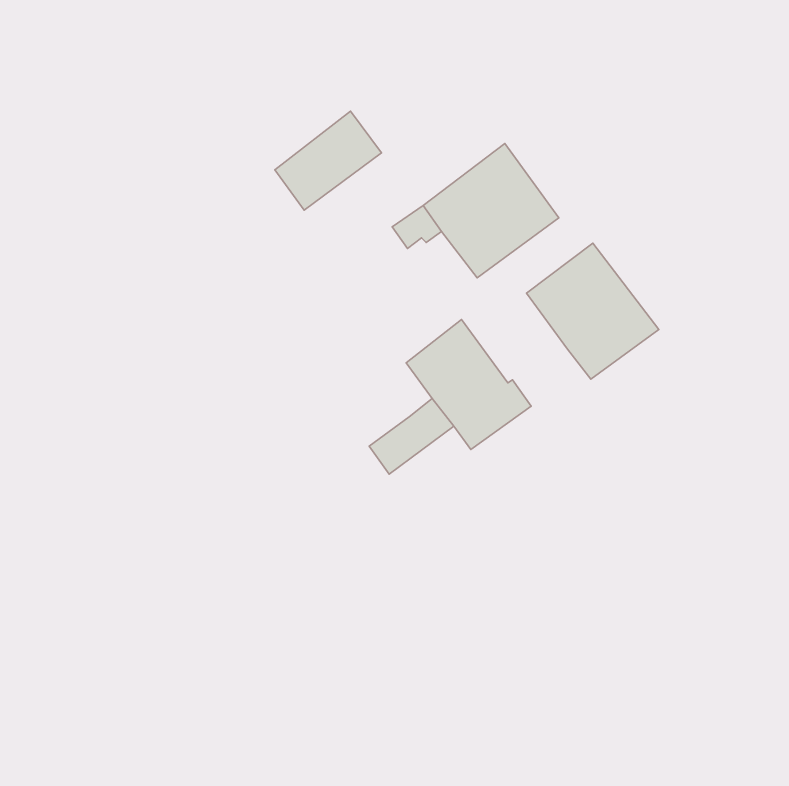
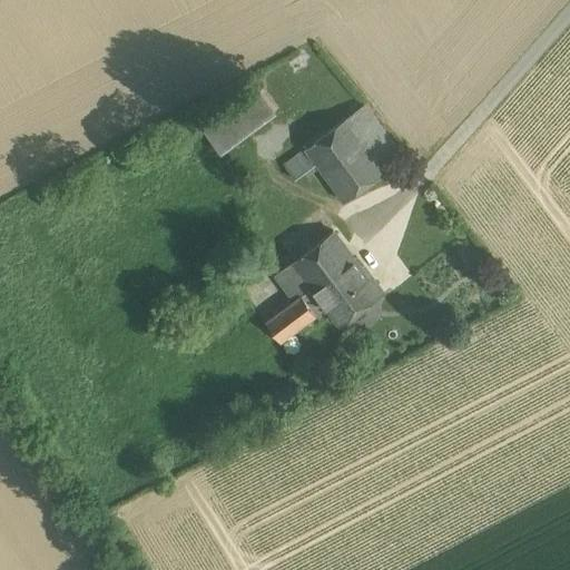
building: [527,243,659,379] -> none
building: none -> [275,264,312,303]

